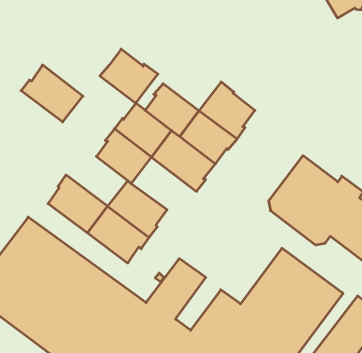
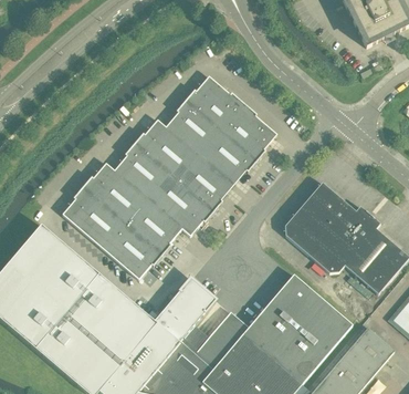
building: [100,49,158,103] -> [186,74,244,129]
building: [21,65,83,122] -> [82,160,144,219]
building: none -> [147,173,212,235]

